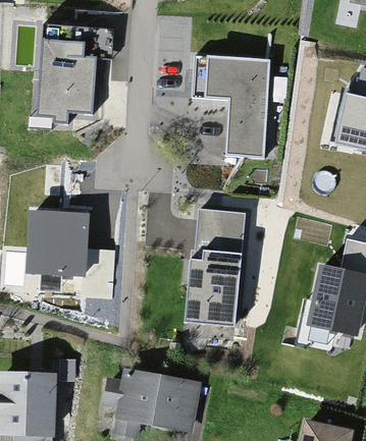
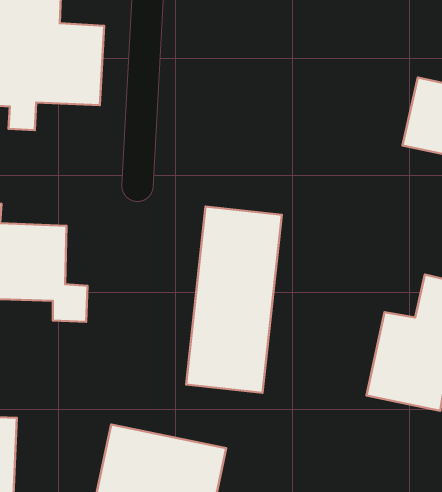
building: [202,56,275,160] -> none

